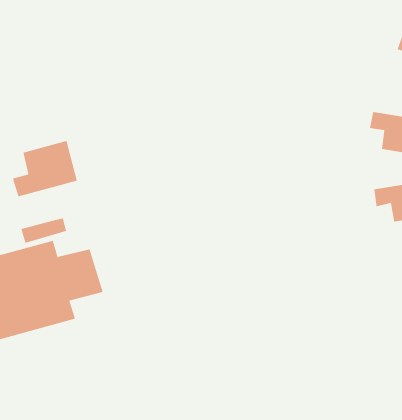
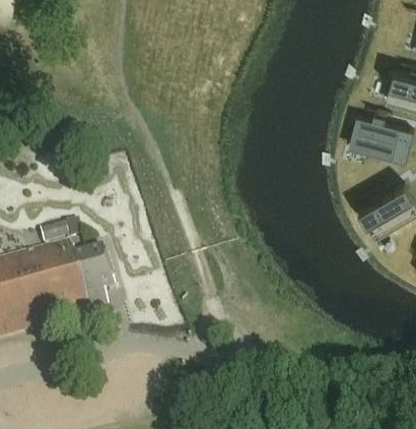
building: [12,140,78,197] -> none

